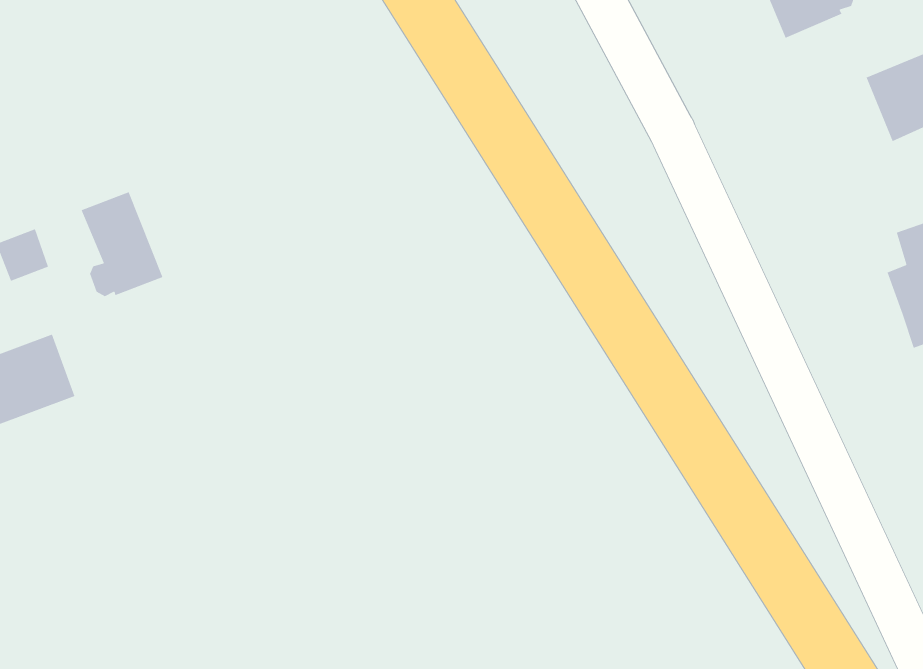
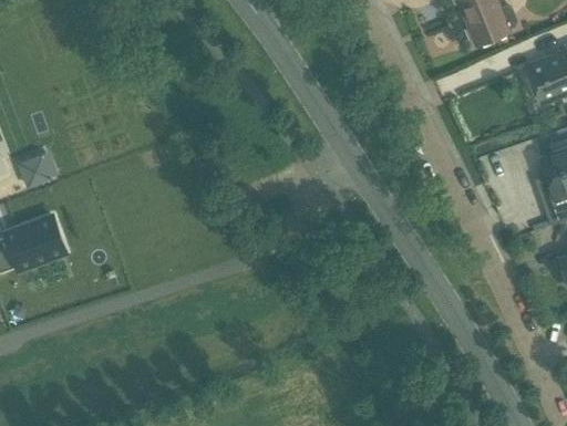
building: [80,191,163,297] -> none

